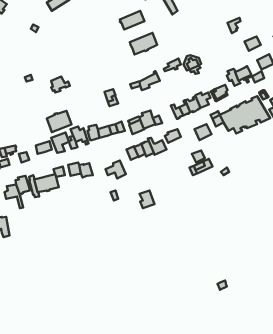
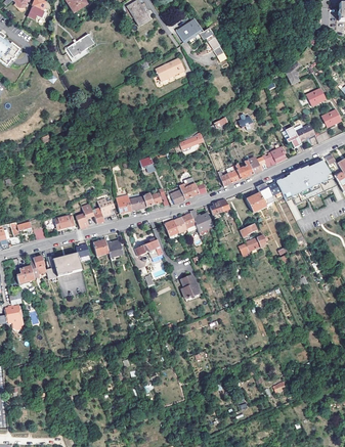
building: [130,33,157,54] -> none
building: [47,111,71,132] -> none

